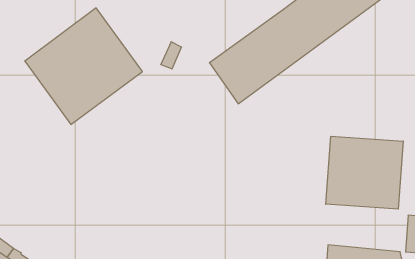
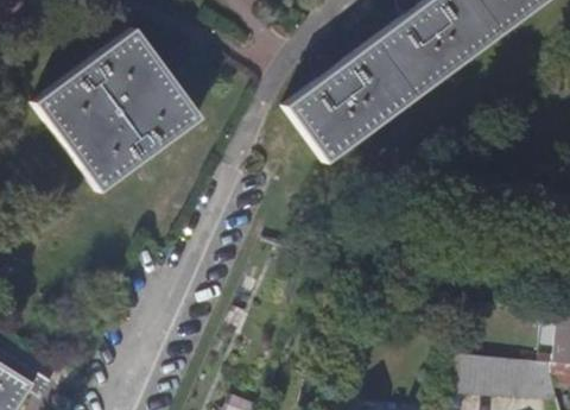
building: [326,136,403,209] -> none

